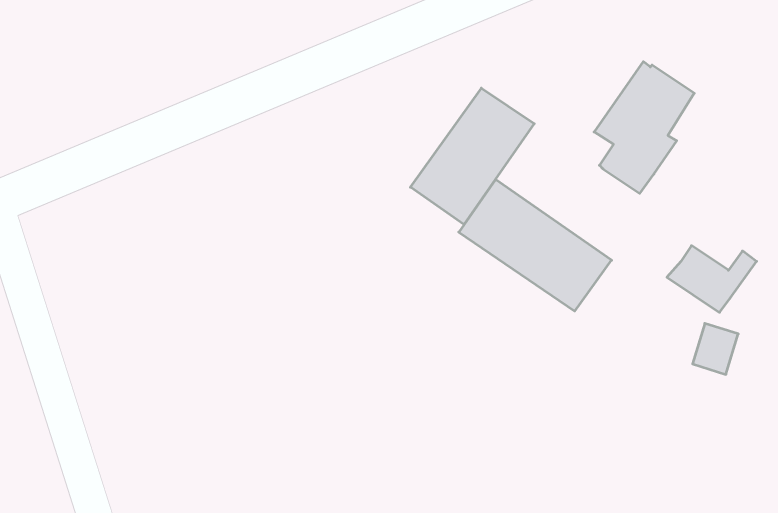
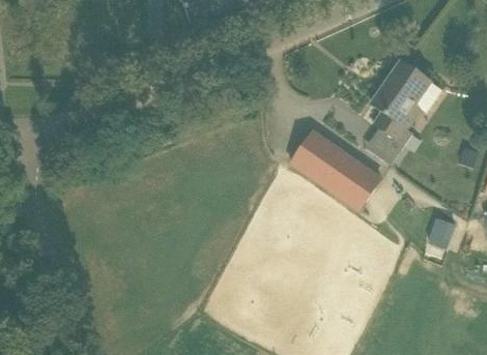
building: [410,88,534,224] -> none
building: [667,246,757,312] -> [361,124,413,164]

